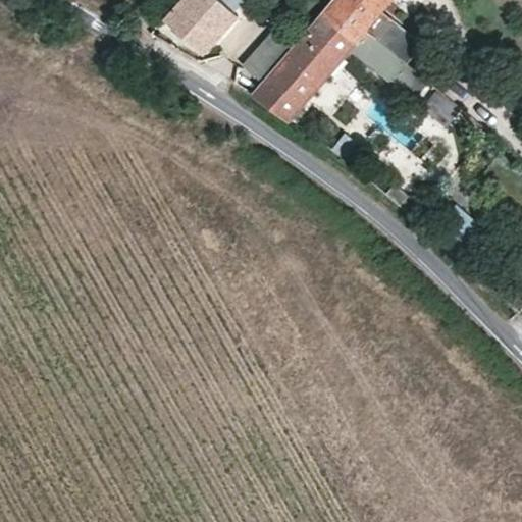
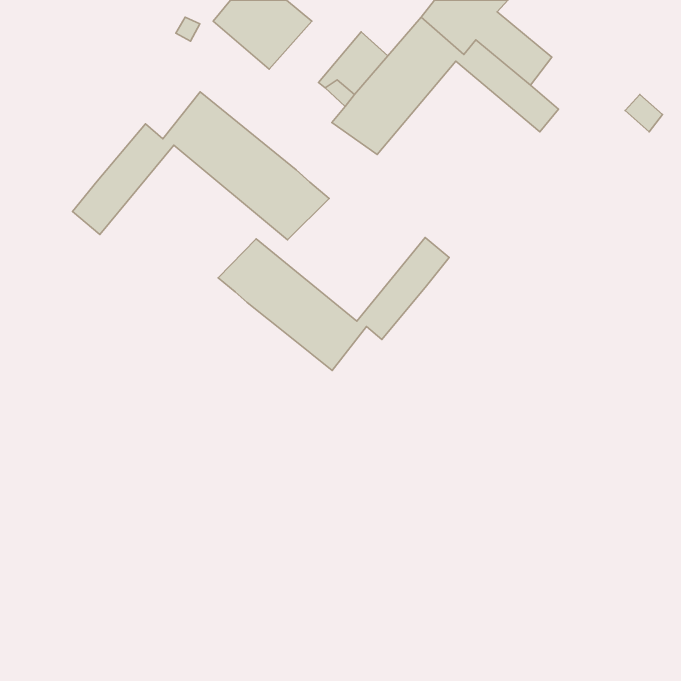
building: none -> [73,92,329,240]
building: none -> [218,238,449,370]

